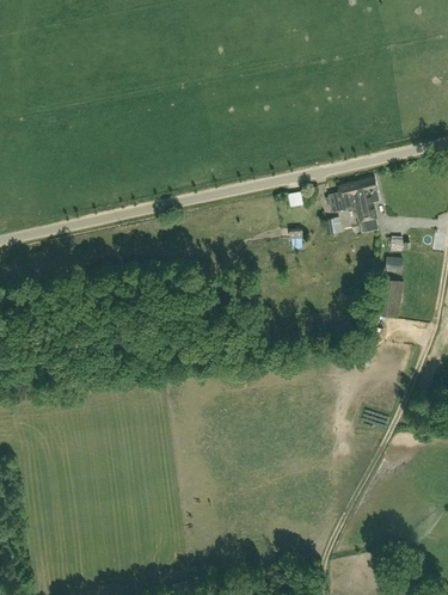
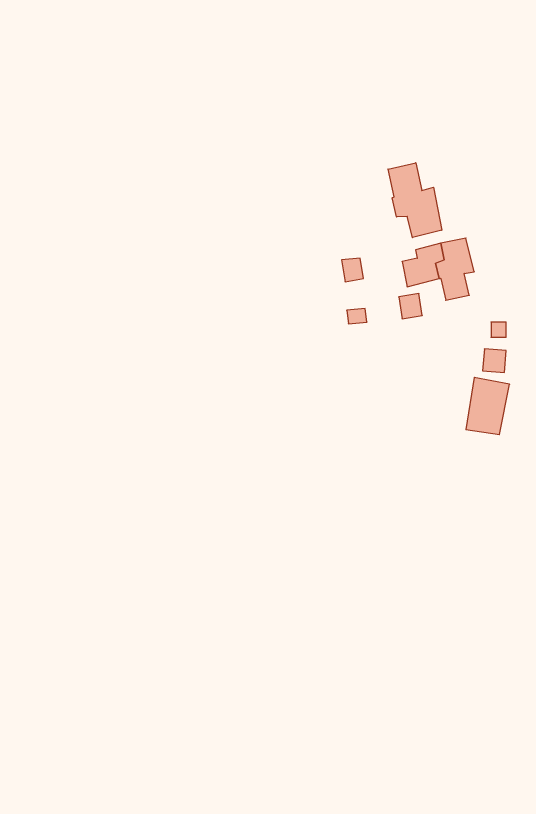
building: none -> [388,163,442,238]

